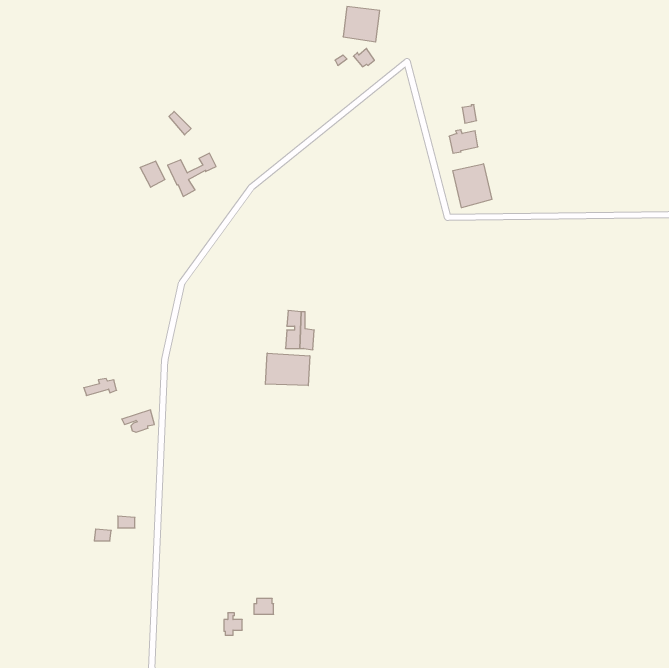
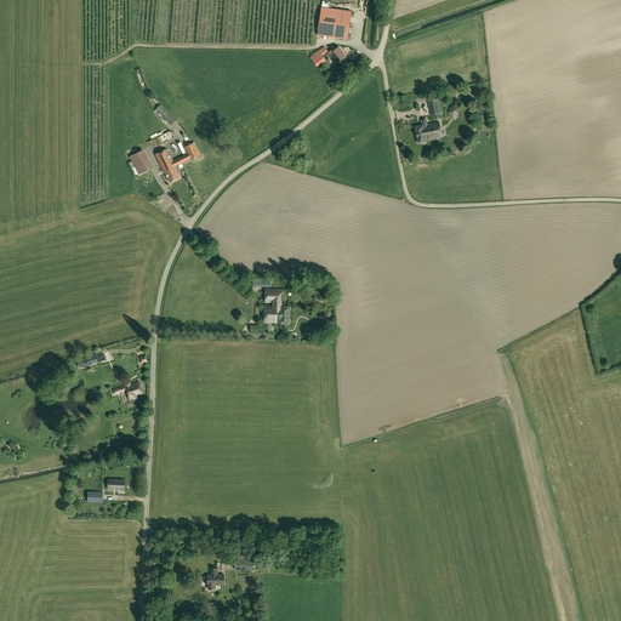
building: [453,164,492,208] -> none
building: [265,353,310,386] -> none

